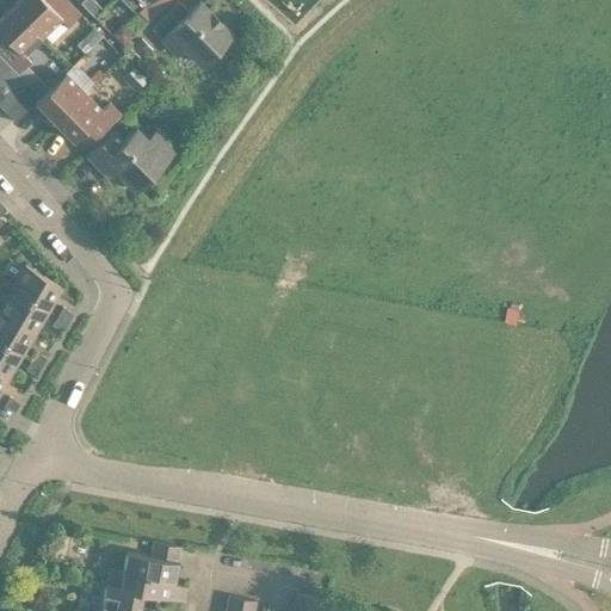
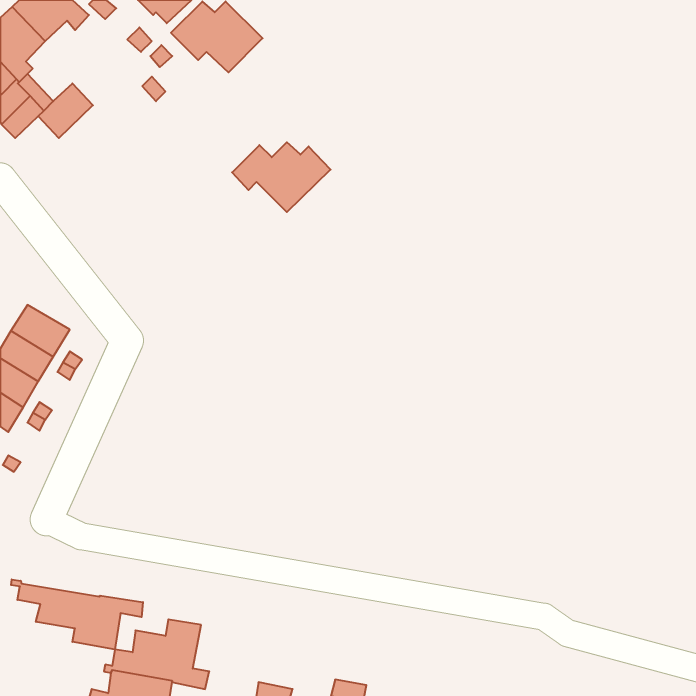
building: [54,94,121,147] -> none
building: [88,131,174,192] -> [232,142,331,212]
building: none -> [11,579,143,650]

